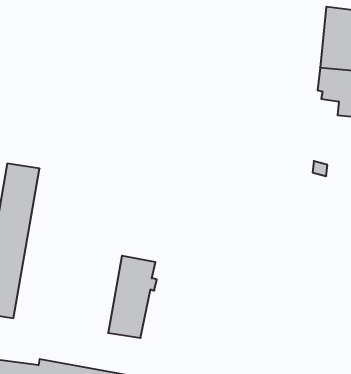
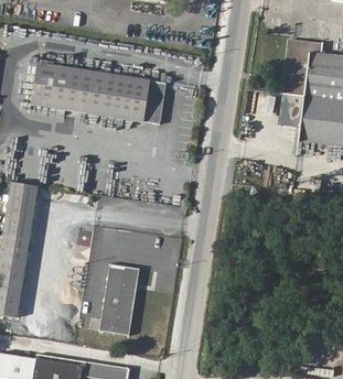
building: none -> [35,63,169,126]

